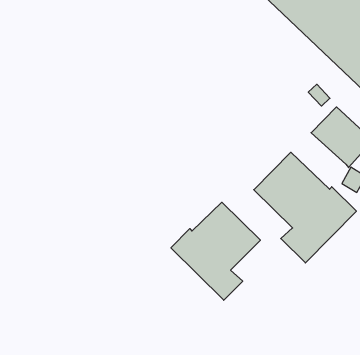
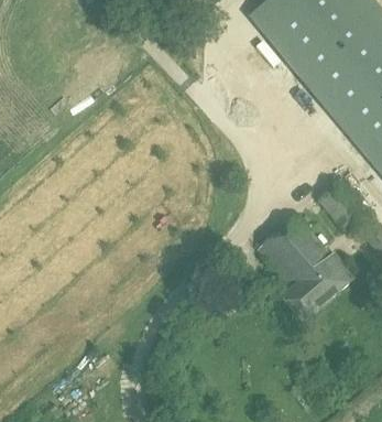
building: [171,202,260,300] -> none

